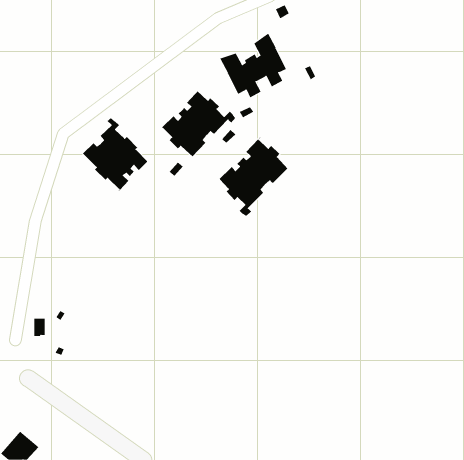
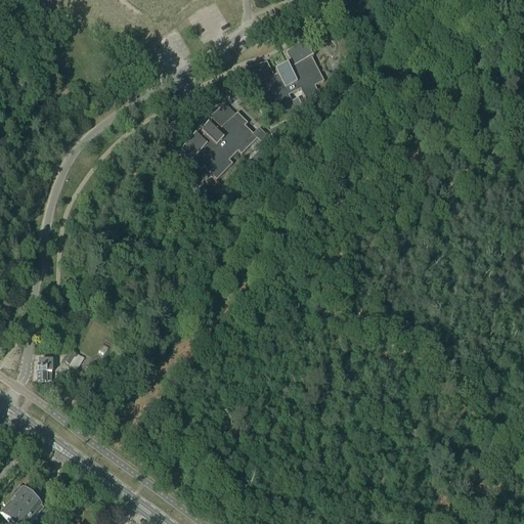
building: [82,117,149,192] -> none
building: [217,137,288,217] -> none

